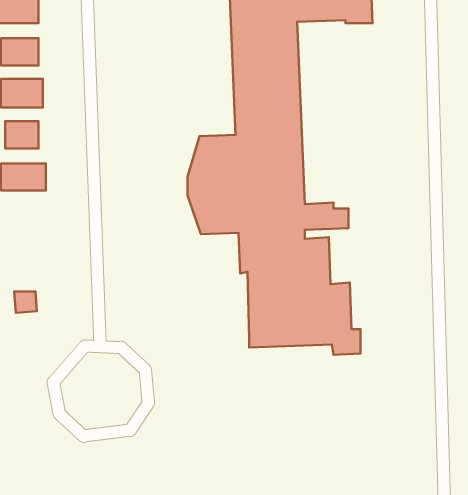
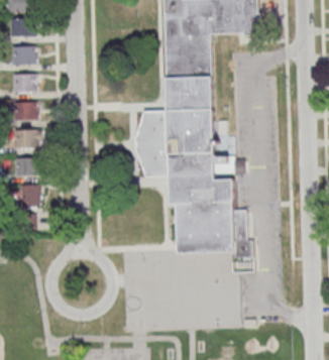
building: none -> [15,157,39,175]
building: none -> [20,185,40,207]

